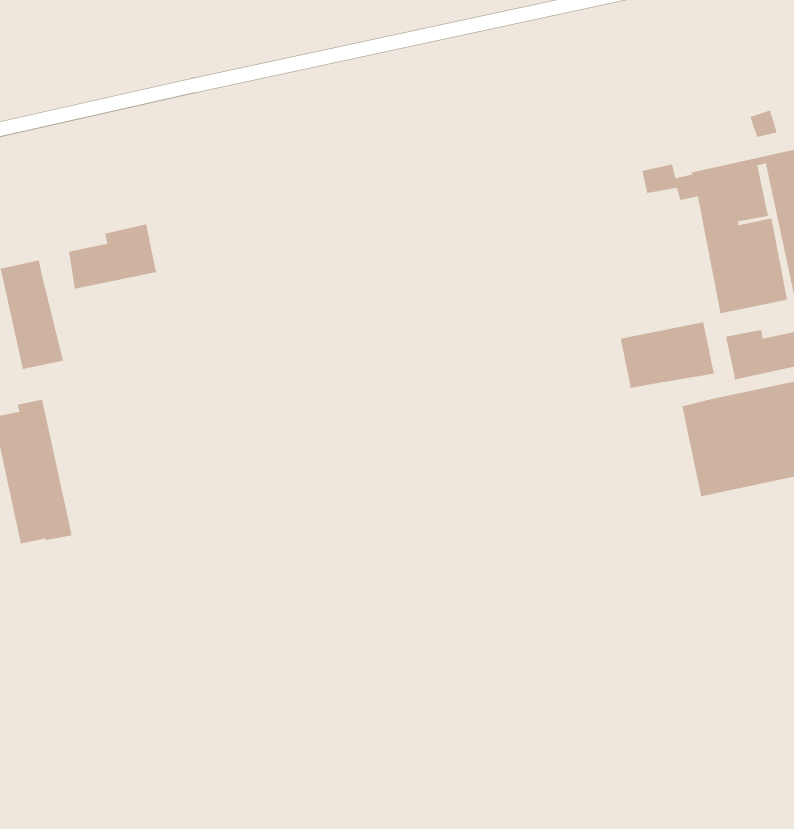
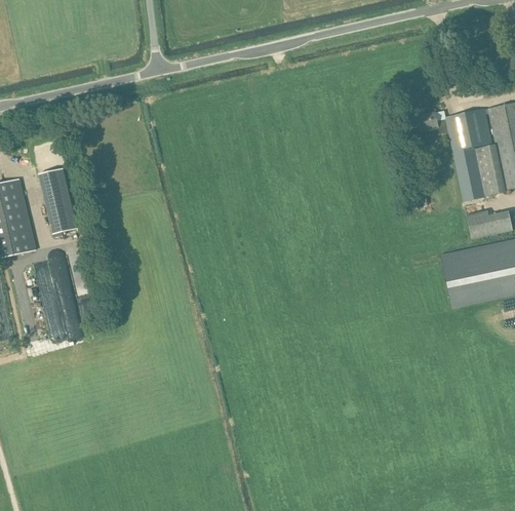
building: [68,223,158,290] -> none
building: [620,321,715,389] -> none

